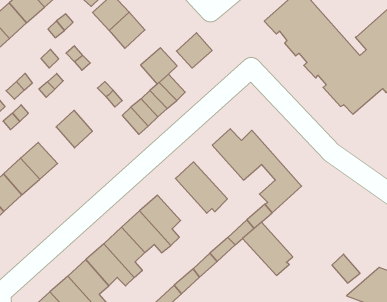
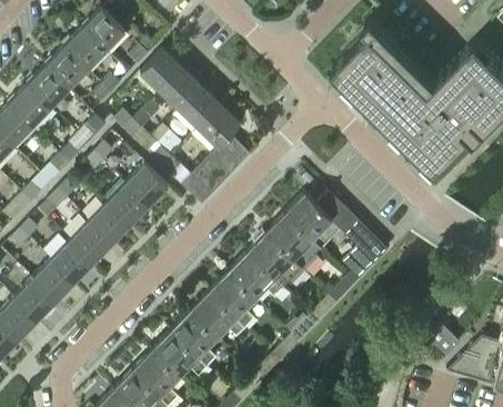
building: [176,33,212,68] -> [178,88,218,128]
building: none -> [125,163,168,206]
building: none -> [88,204,129,245]
building: none -> [225,252,282,299]
building: [243,222,293,275] -> [263,212,321,271]

